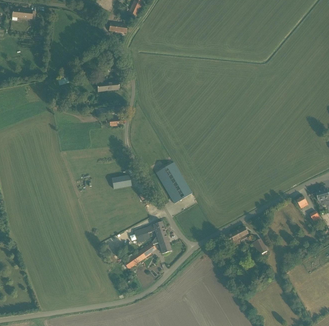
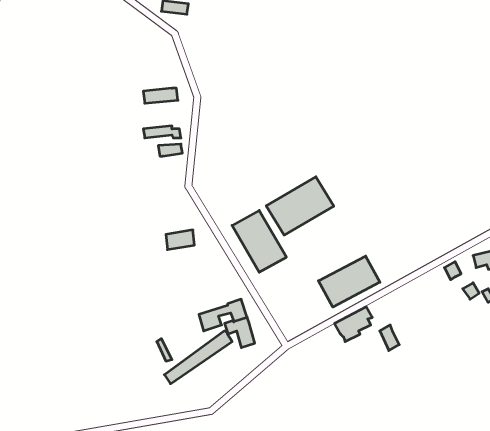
building: none -> [266,177,334,235]
building: none -> [318,256,380,307]

